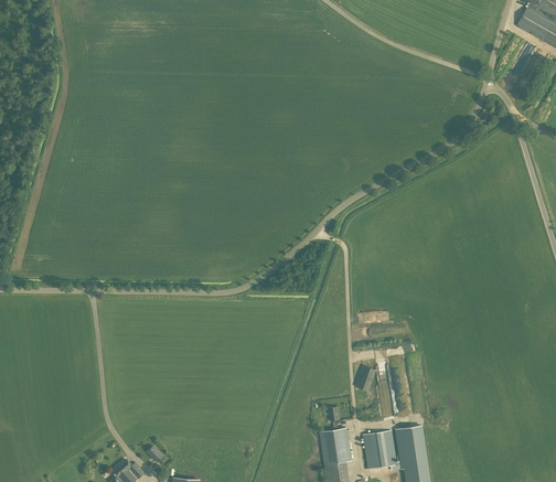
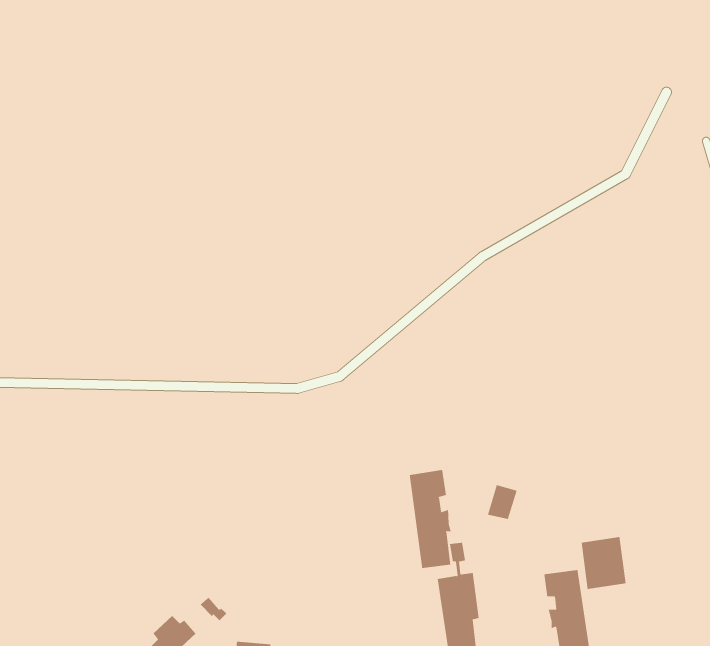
building: none -> [409,469,451,569]
building: [363,430,396,469] -> [581,536,626,590]

